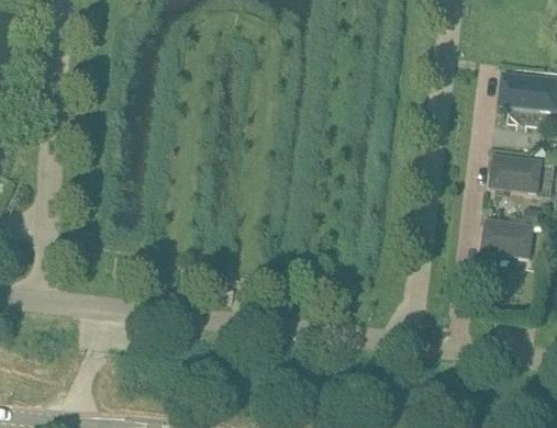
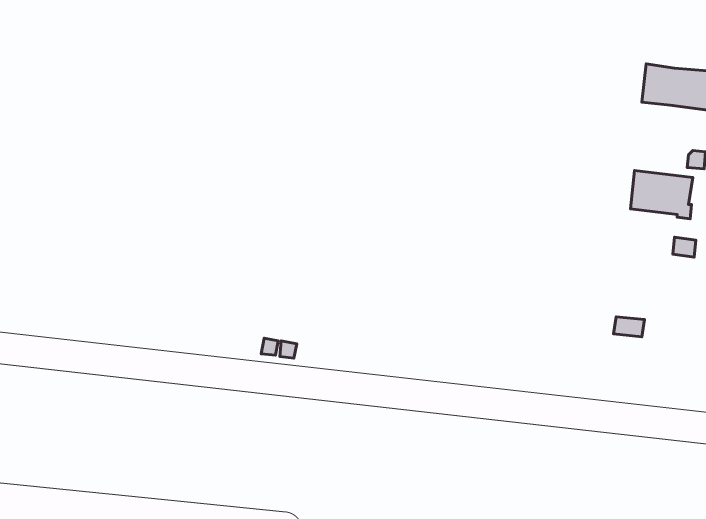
building: [482,223,531,260] -> none

